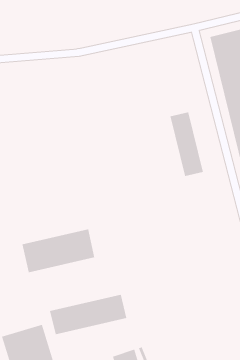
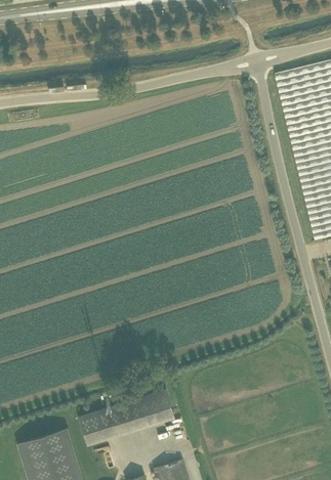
building: [170,111,203,177] -> none
building: [22,229,95,273] -> none

